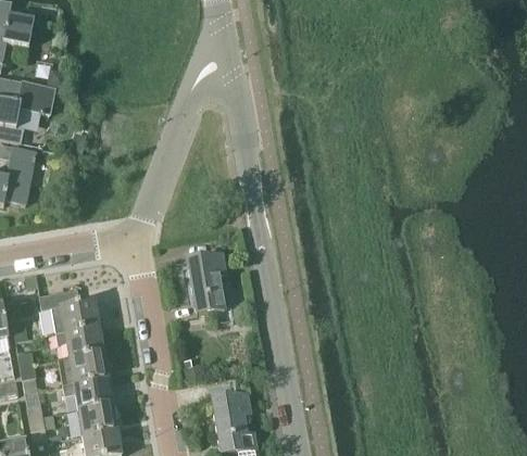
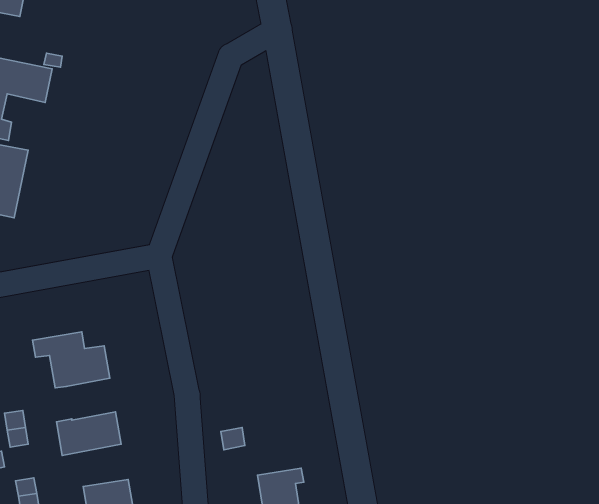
building: [187,254,234,326] -> none
building: [55,326,103,358] -> none
building: [62,377,113,409] -> none

